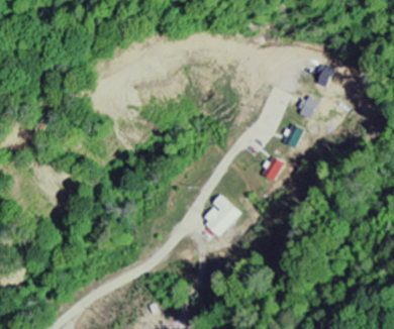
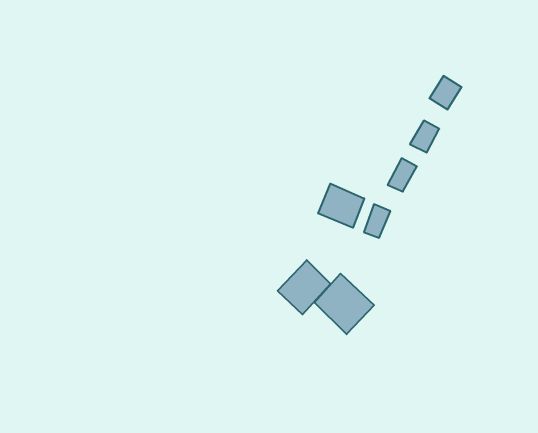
building: none -> [318,184,364,228]
building: none -> [314,274,374,334]

